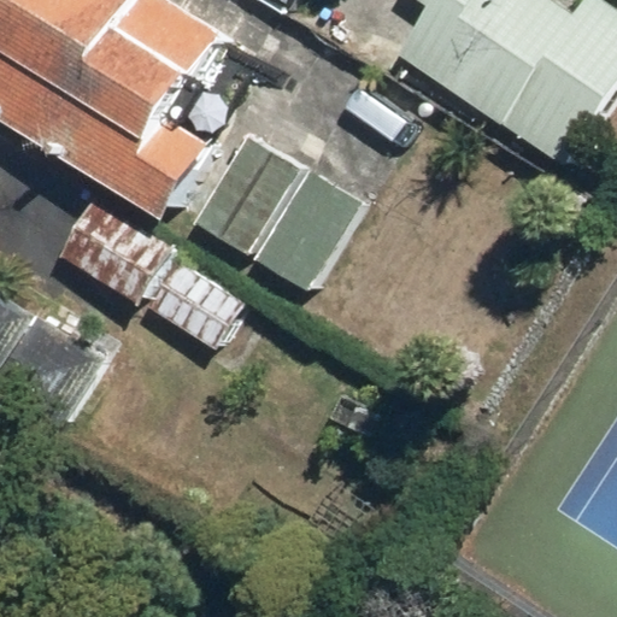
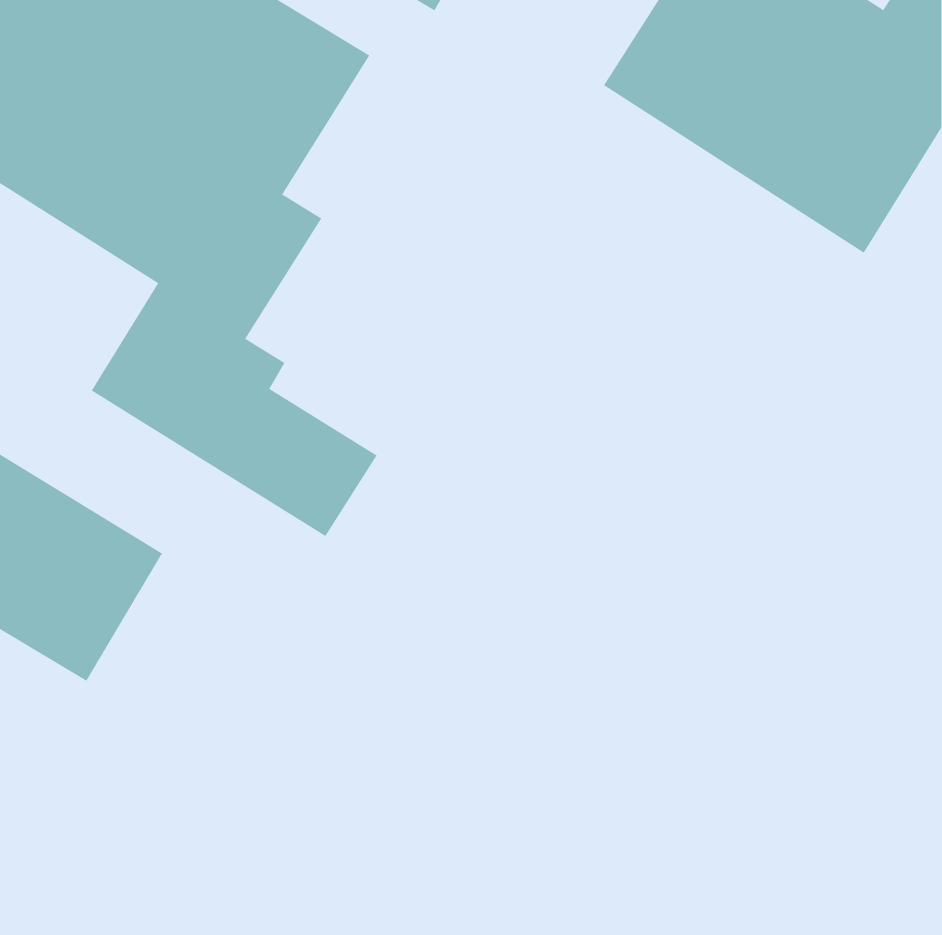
building: [184,123,368,294] -> none

